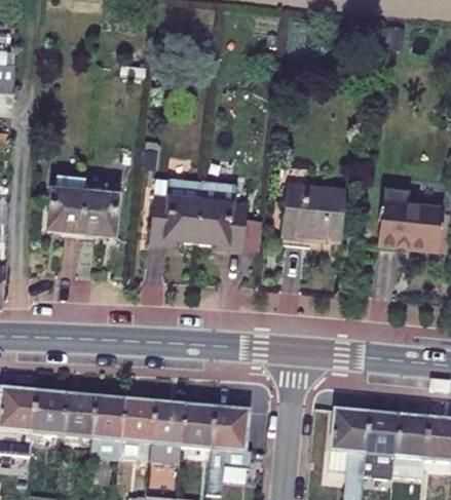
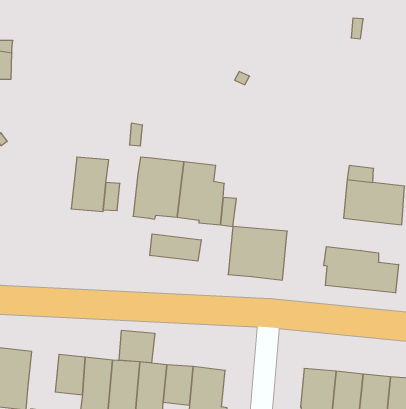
building: [46,175,85,234] -> none
building: [281,183,346,241] -> [228,227,287,280]
building: none -> [150,234,201,261]
building: none -> [324,247,399,293]
building: none -> [119,330,155,363]
building: [32,390,66,434] -> none

